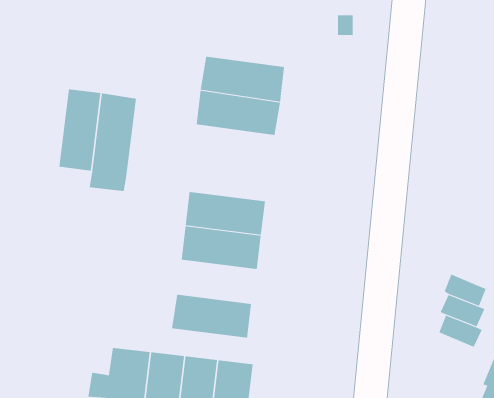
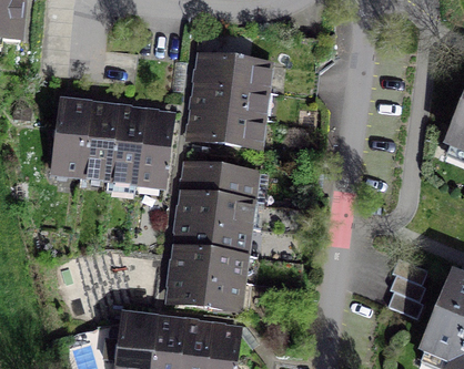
building: none -> [200,53,268,88]
building: none -> [54,102,89,168]
building: none -> [137,113,170,178]
building: none -> [186,161,252,196]
building: none -> [176,244,242,279]

